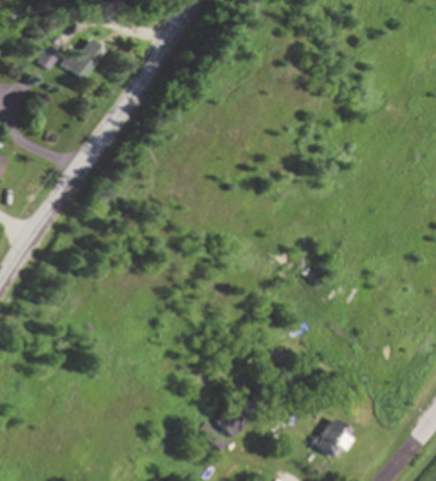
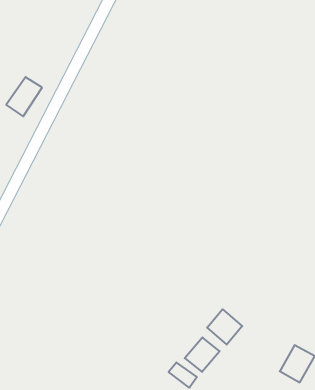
building: [66,37,106,79] -> [6,77,42,116]
building: none -> [207,309,242,345]

